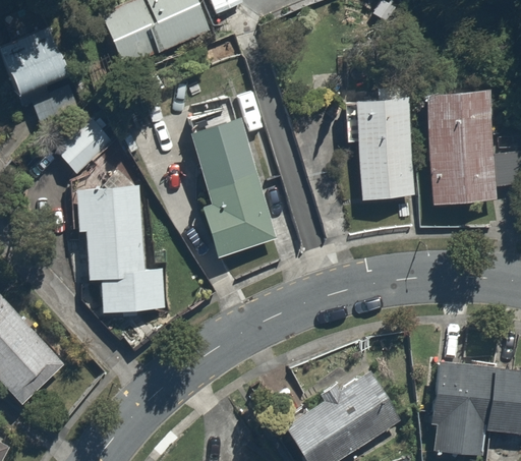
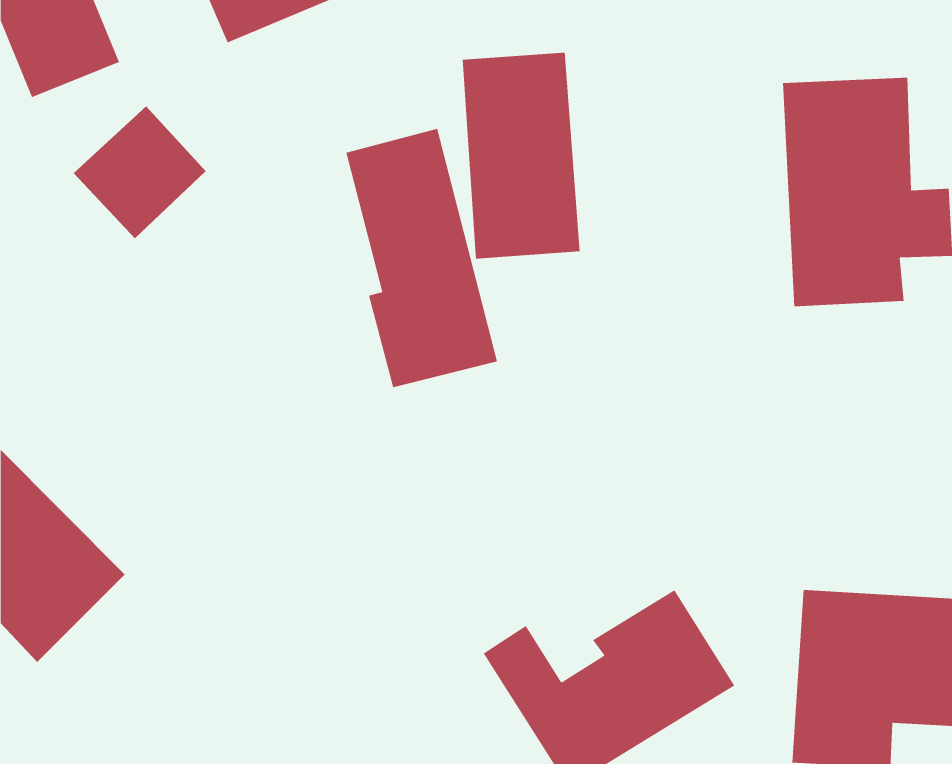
building: [350,89,414,200] -> [462,52,580,259]
building: [73,186,164,315] -> none

